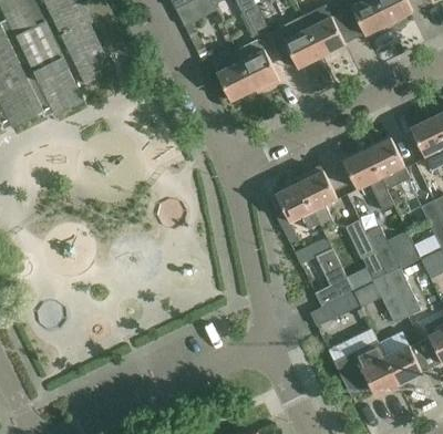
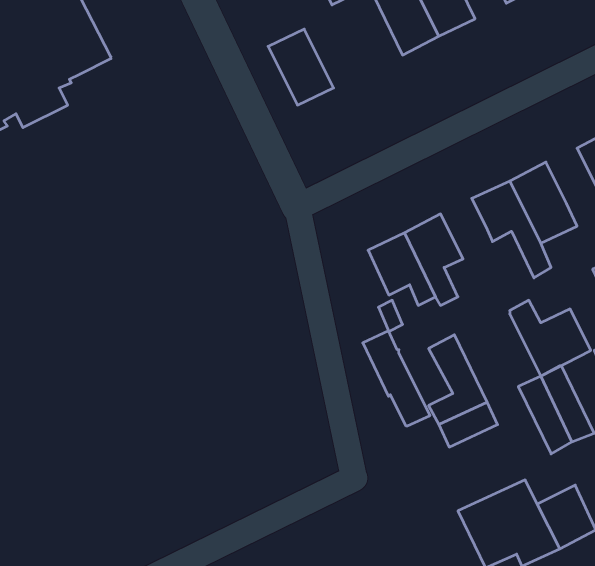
building: [235,39,278,89] -> none
building: [343,219,387,280] -> [363,331,430,426]

